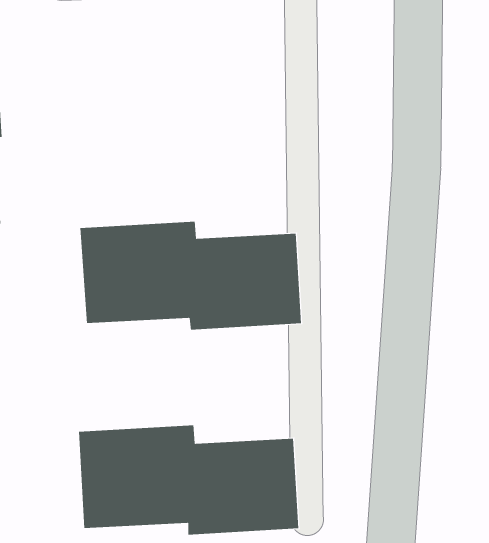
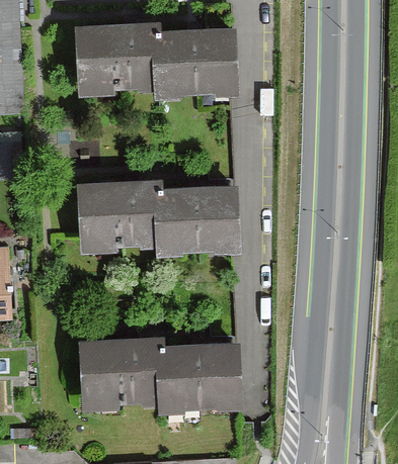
building: none -> [73,19,241,102]

